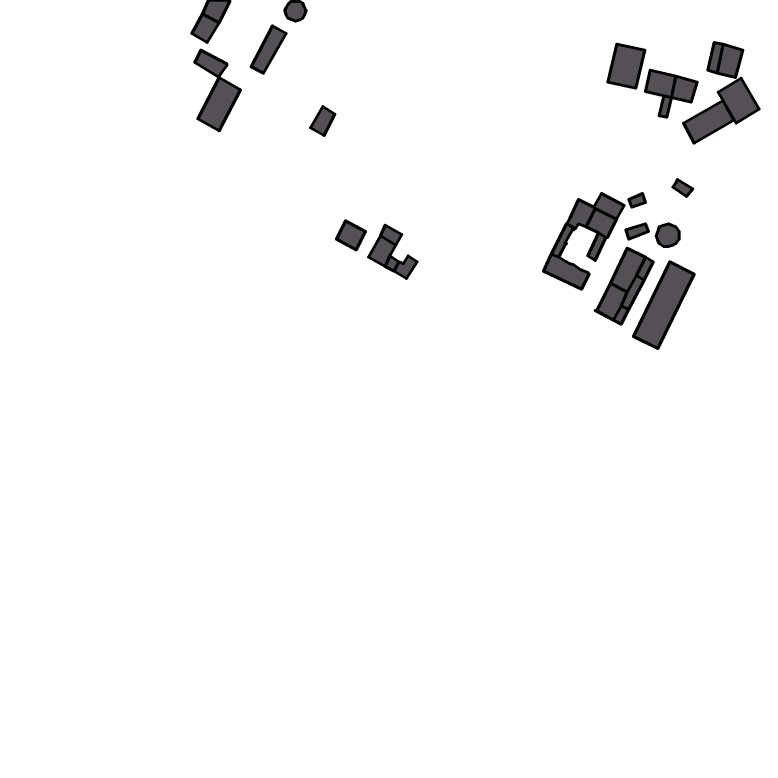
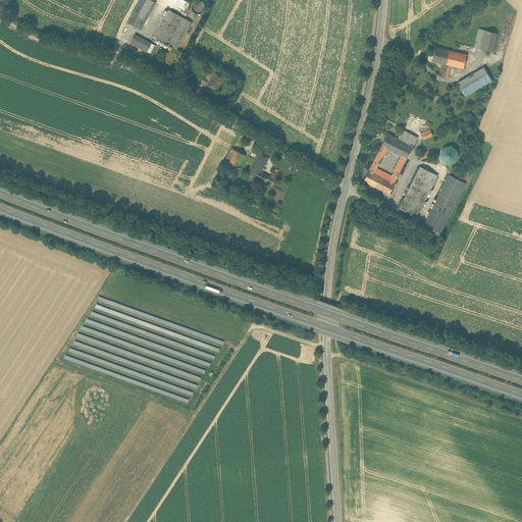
building: [608,44,645,88] -> none
building: [198,78,241,131] -> [154,9,182,45]
building: [718,78,759,123] -> none

